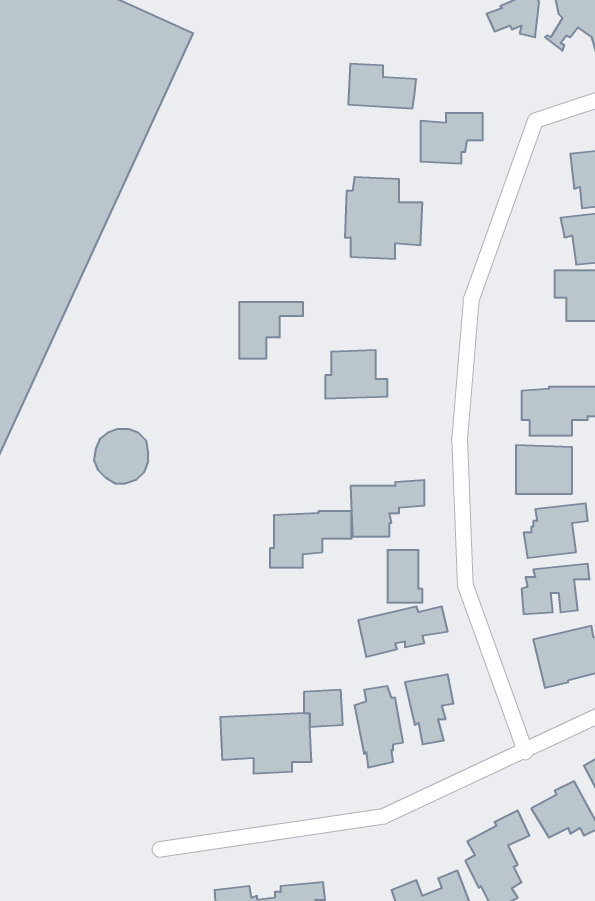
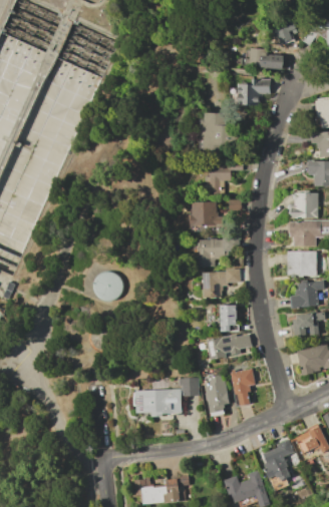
building: [348,64,416,108] -> [249,47,284,70]
building: [239,302,303,359] -> [209,162,242,191]
building: none -> [288,190,317,218]
building: [94,429,148,483] -> [92,273,120,301]
building: [270,511,352,568] -> [197,237,239,267]

